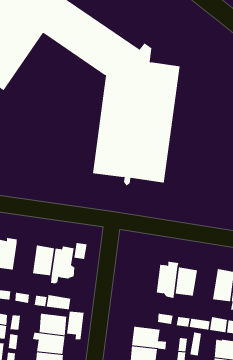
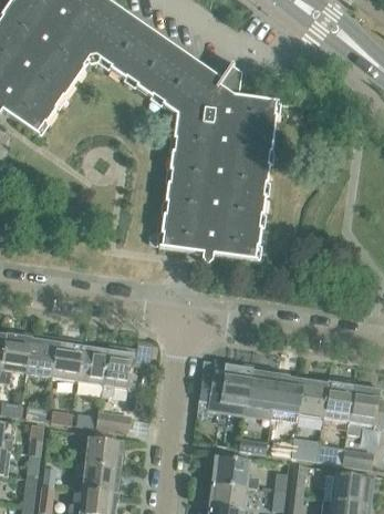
building: none -> [51,341,82,383]
building: none -> [208,360,251,413]
building: none -> [297,379,328,419]
building: [66,310,84,340] -> none

